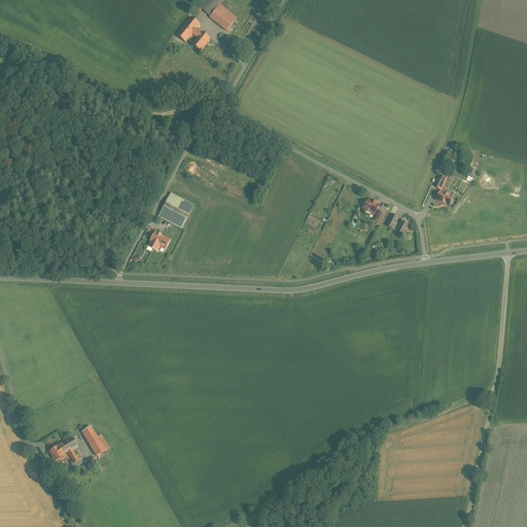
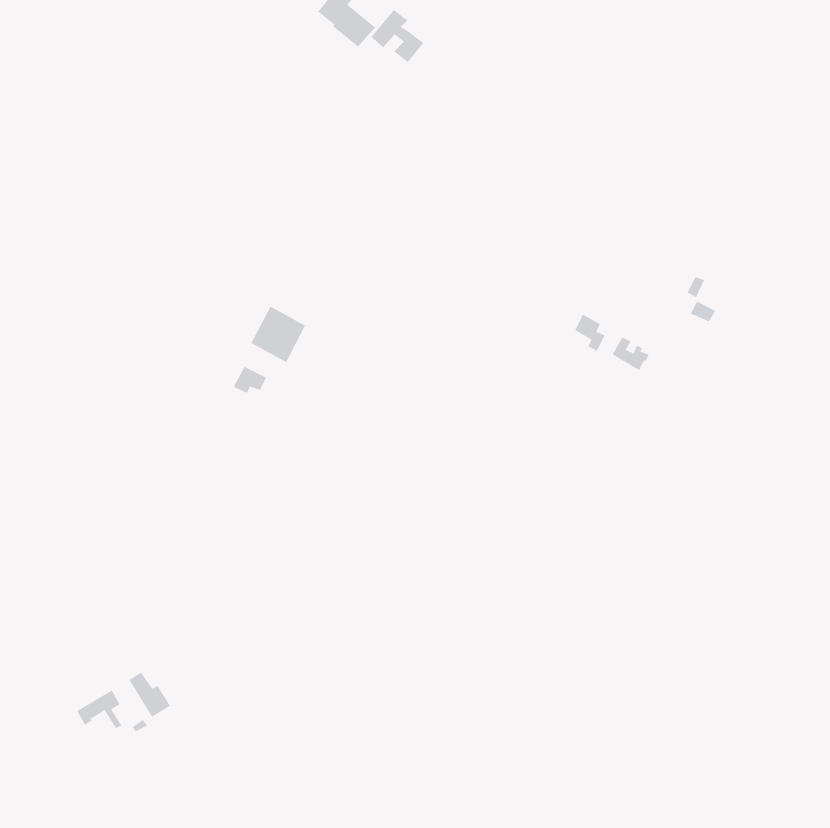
building: [177,16,211,50] -> [371,9,424,63]

